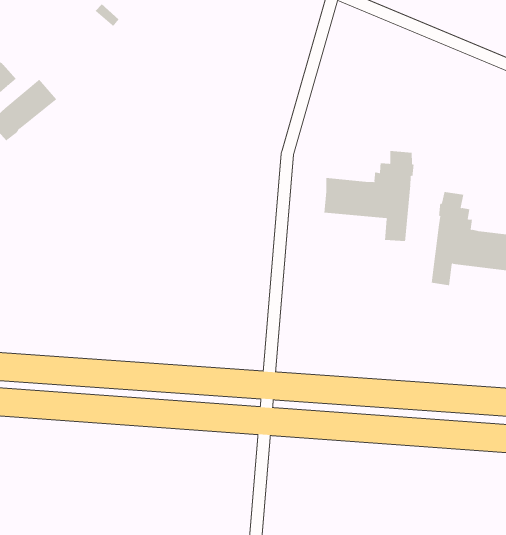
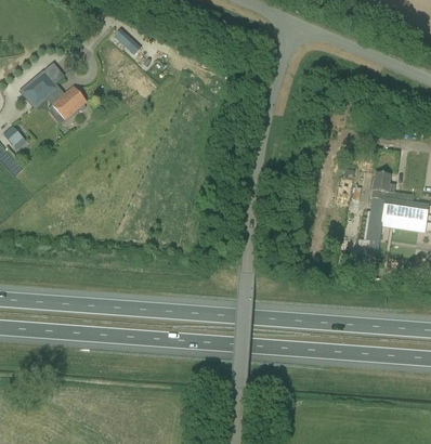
building: [324,150,414,242] -> none

